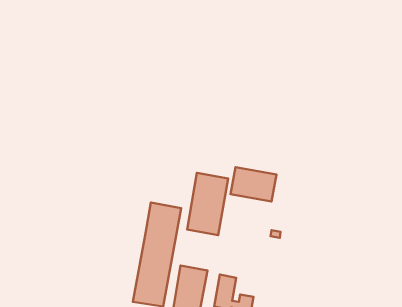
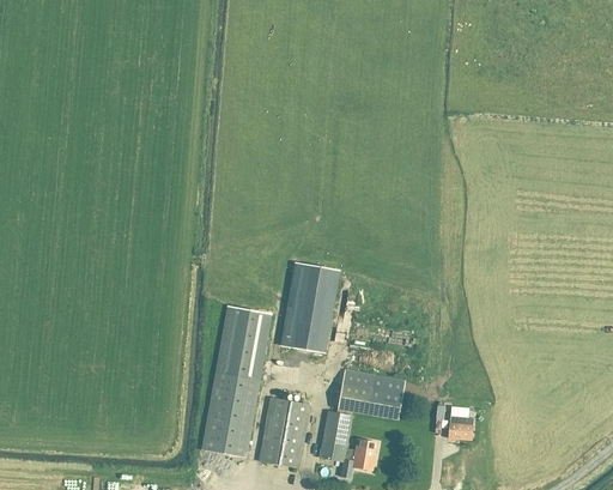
building: [230,167,276,202] -> [338,369,405,419]
building: none -> [448,415,473,438]

